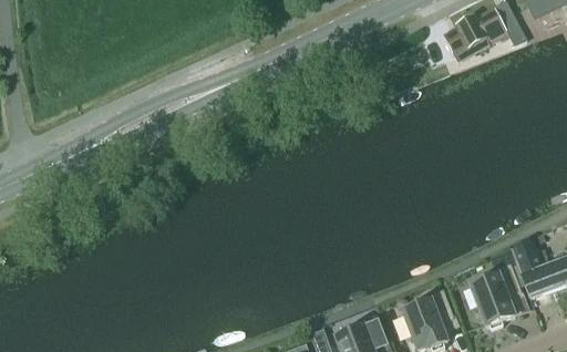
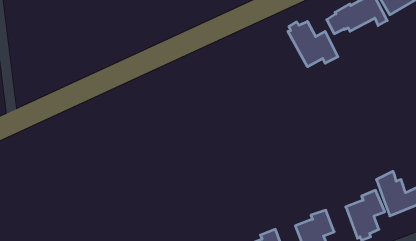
building: none -> [288,21,338,67]

